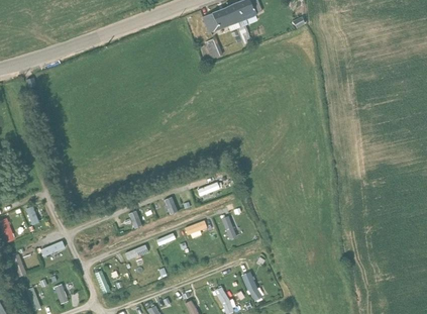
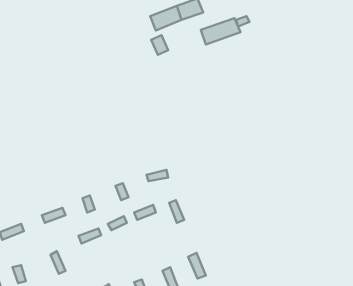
building: none -> [201,18,240,44]

